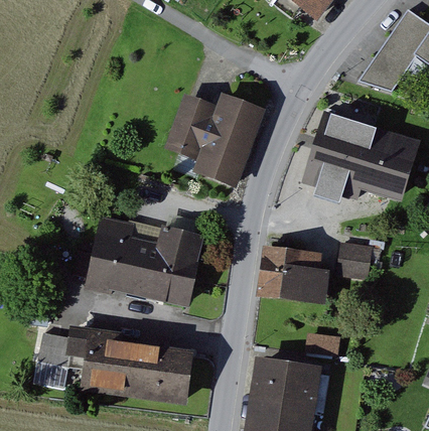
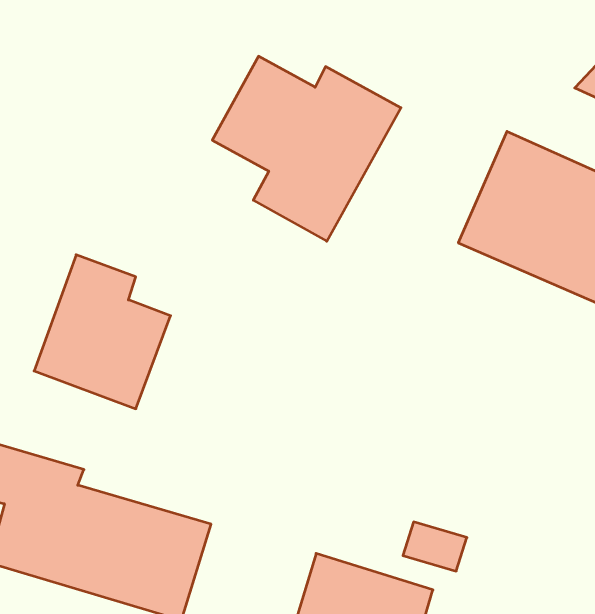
building: [146,226,205,304] -> none
building: [334,240,372,280] -> none
building: [258,245,331,302] -> none

